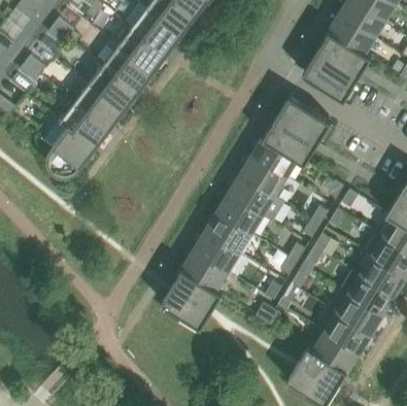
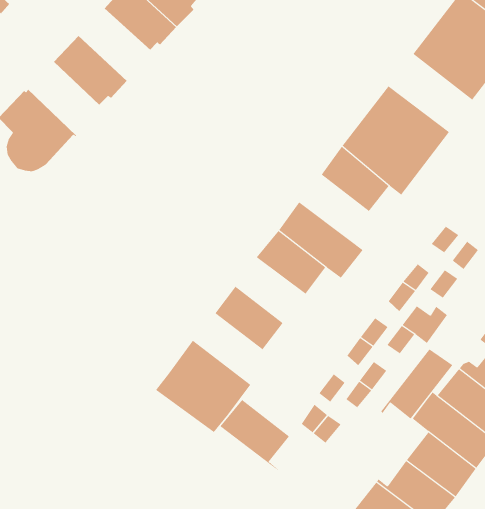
building: [90,64,136,108] -> none
building: [61,101,107,146] -> none
building: [240,156,285,195] -> none
building: [205,212,250,252] -> none
building: [181,250,227,294] -> [220,399,290,471]
building: none -> [381,349,453,419]

